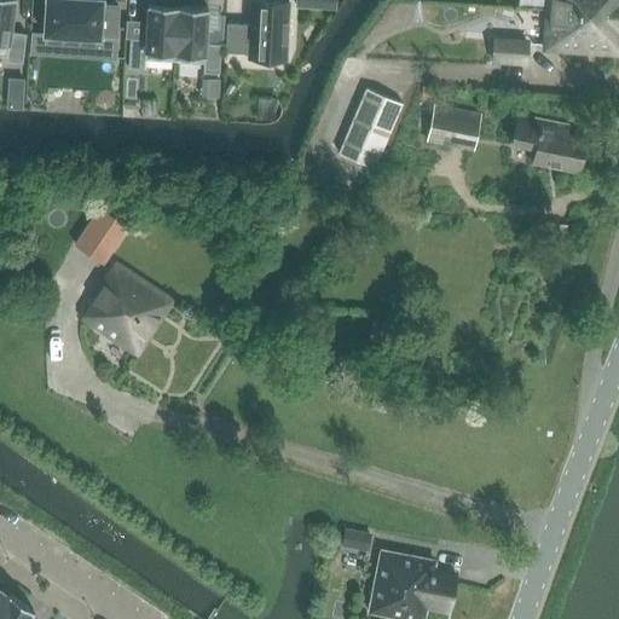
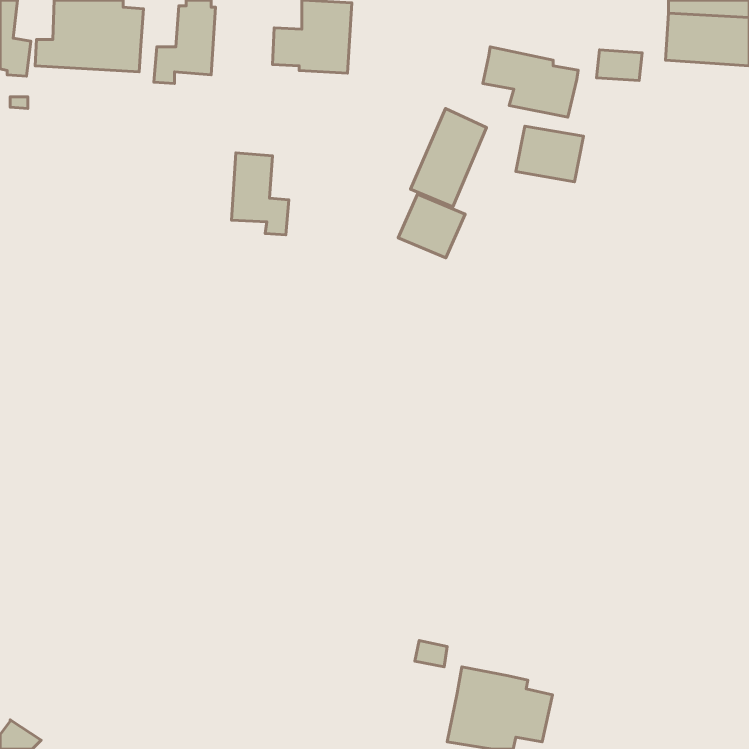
building: [174,6,221,74] -> [232,153,289,235]
building: [511,117,590,175] -> [483,47,578,117]
building: none -> [398,194,465,258]
building: [73,212,125,264] -> none
building: [82,264,173,355] -> none

